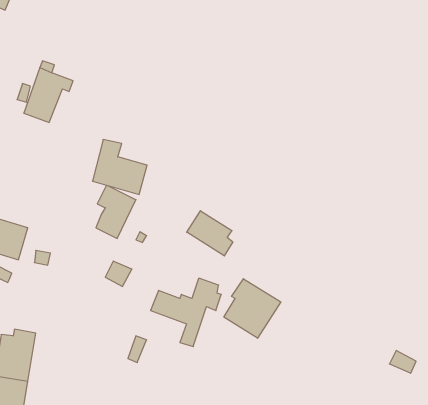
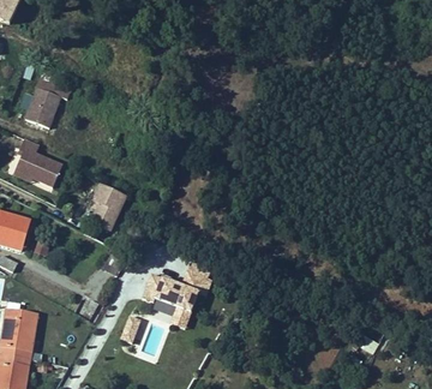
building: [92,140,147,194] -> [13,137,62,186]
building: [187,211,233,256] -> none
building: [224,279,281,338] -> none

